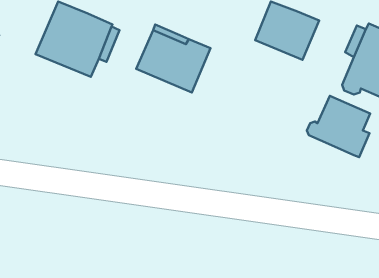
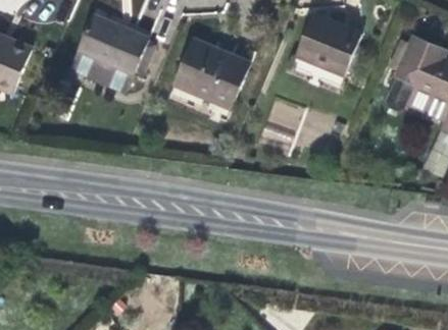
building: [307,96,370,157] -> none

